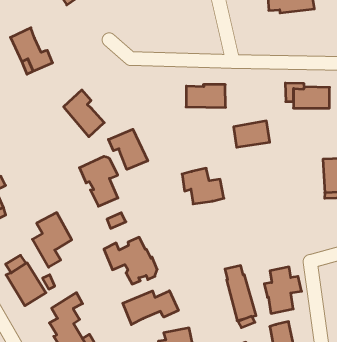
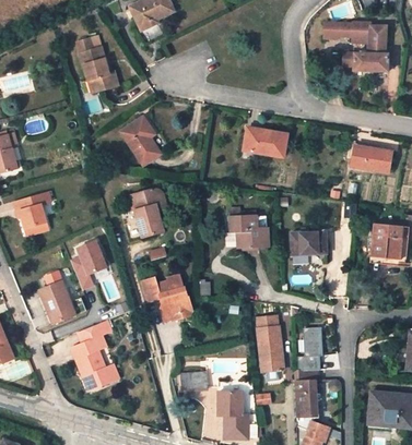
building: [234,121,270,147] -> [291,232,325,254]
building: [108,129,148,169] -> none
building: [123,291,178,325] -> none

